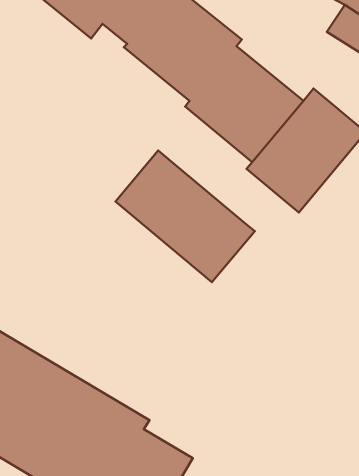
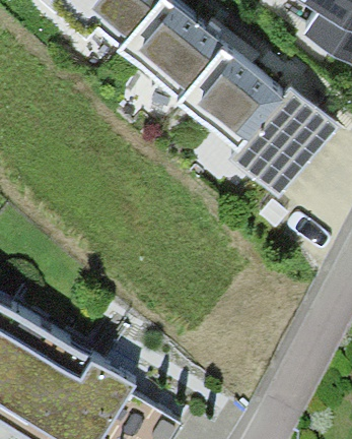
building: [116,151,255,282] -> none

